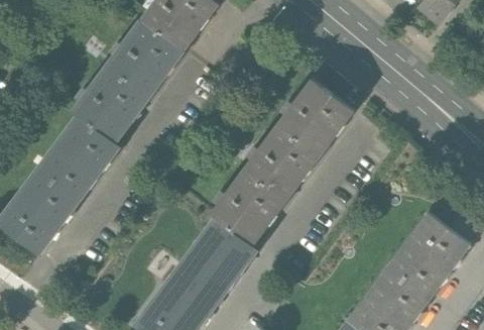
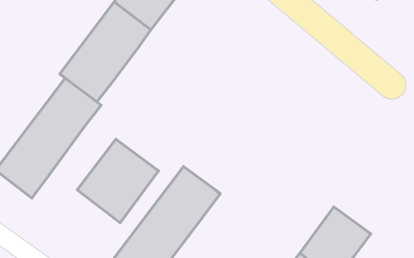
building: [209,79,354,245] -> none
building: none -> [77,139,158,223]
building: [387,212,469,296] -> none

